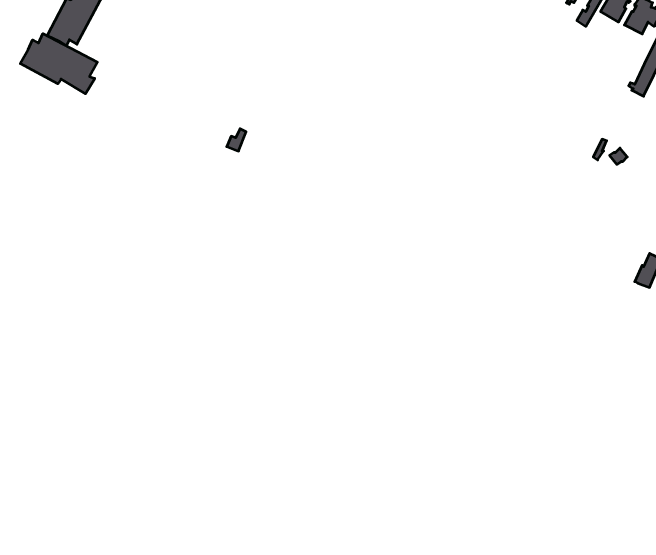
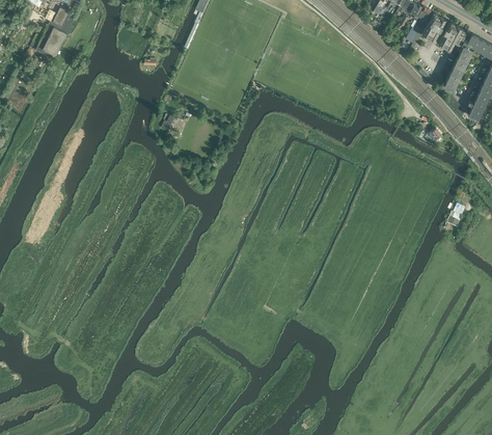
building: [20,34,97,94] -> none

